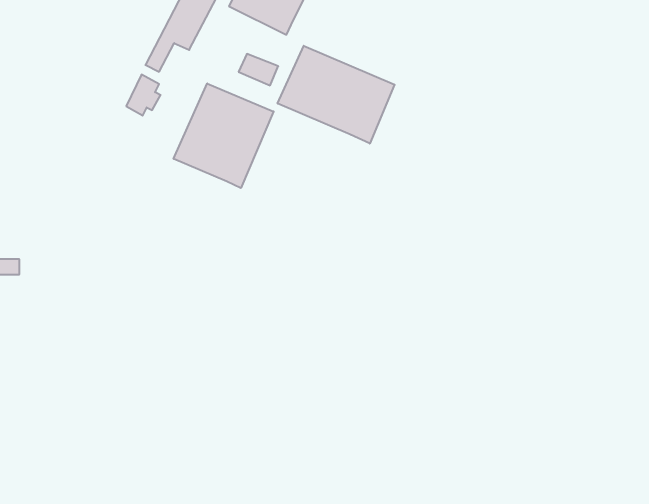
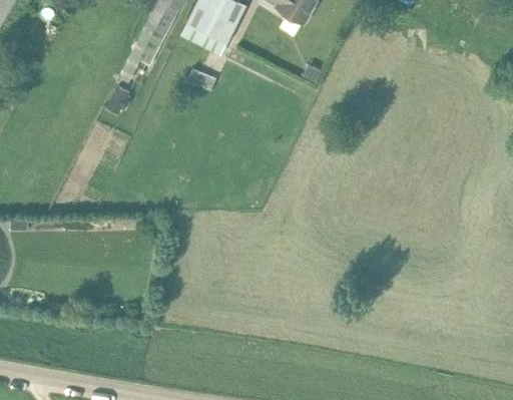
building: [278,46,395,144] -> none
building: [174,83,274,188] -> none

